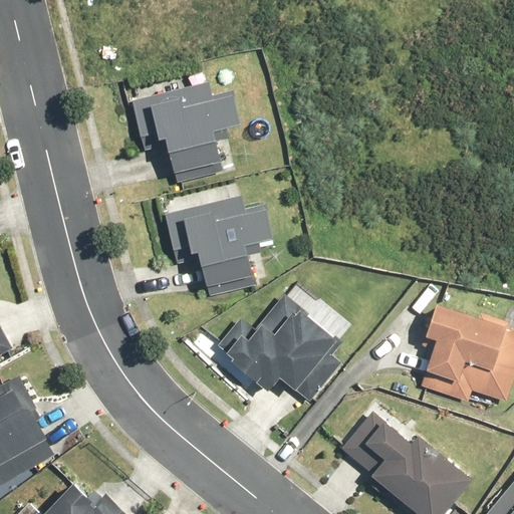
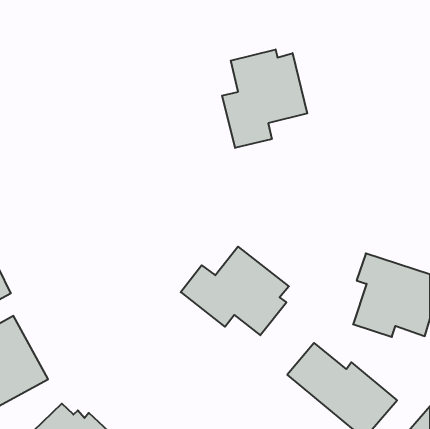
building: none -> [222,49,307,148]
building: [131,82,243,183] -> none
building: [164,196,275,298] -> none

